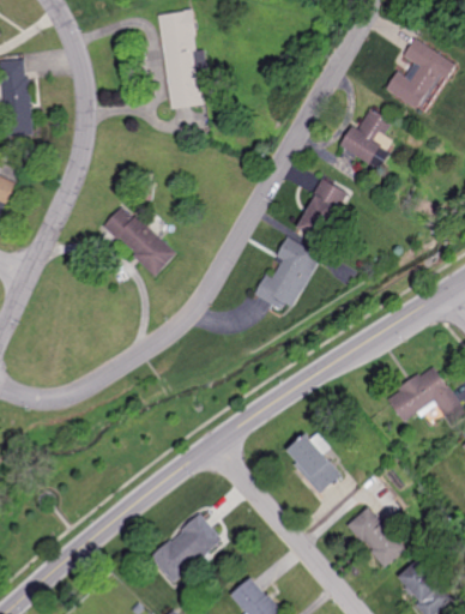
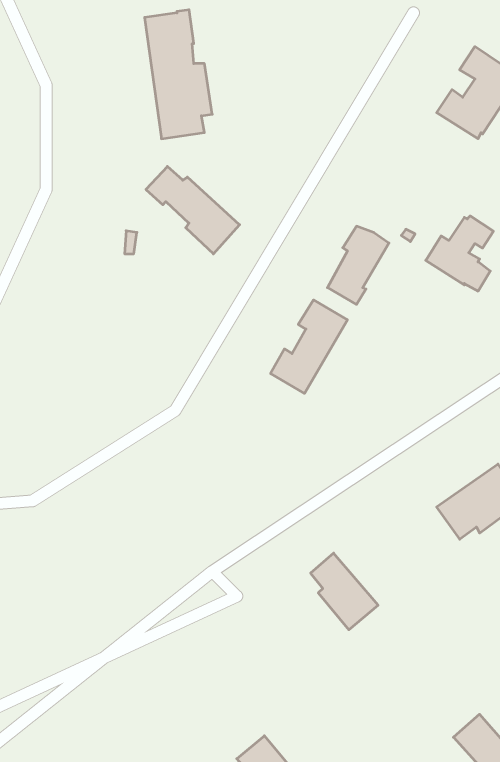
building: [340,109,393,168] -> [426,216,493,291]
building: [103,209,176,277] -> [146,166,240,254]
building: [348,507,404,567] -> none
building: [149,514,222,584] -> none

